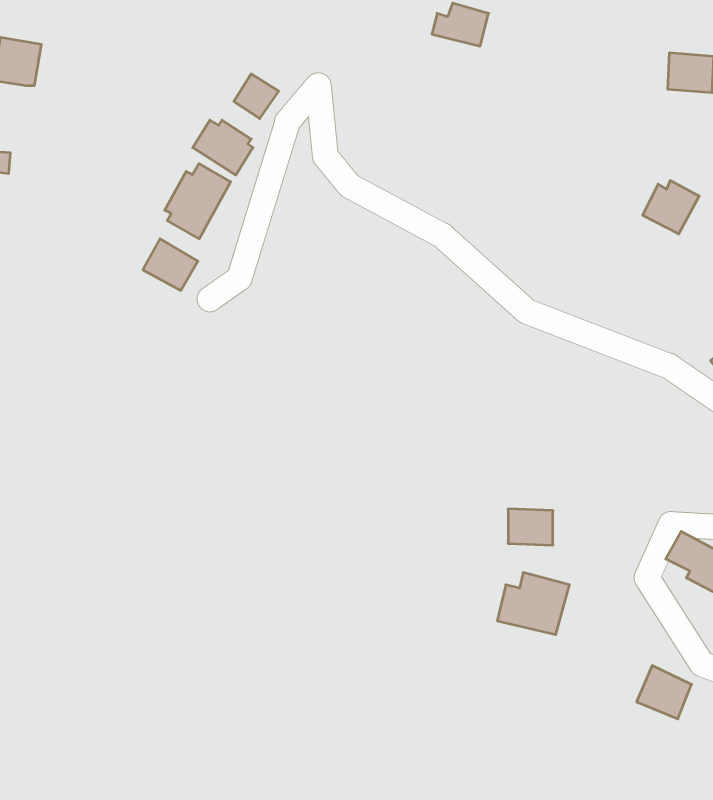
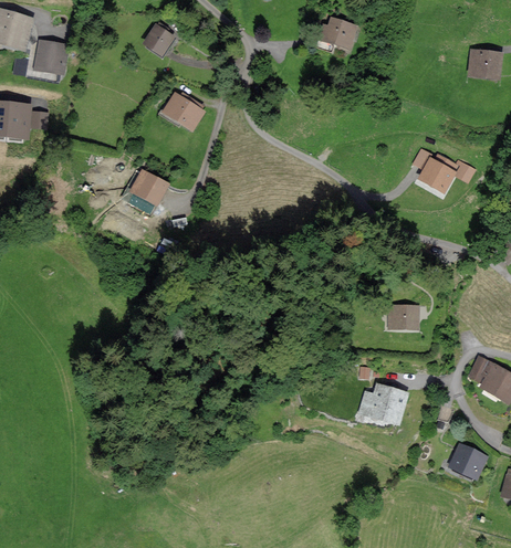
building: [234,74,279,119] -> [144,25,173,54]
building: [165,164,231,239] -> none
building: [643,181,699,234] -> [419,156,456,190]
building: [508,509,553,545] -> [388,306,417,329]

